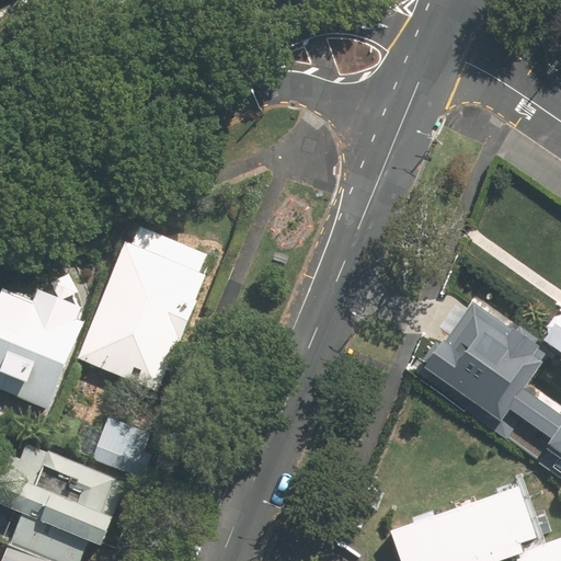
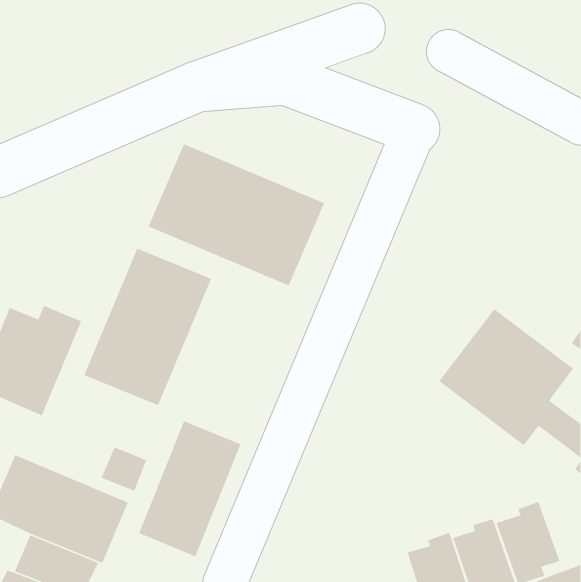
building: none -> [147,143,325,286]
building: none -> [138,420,241,557]

